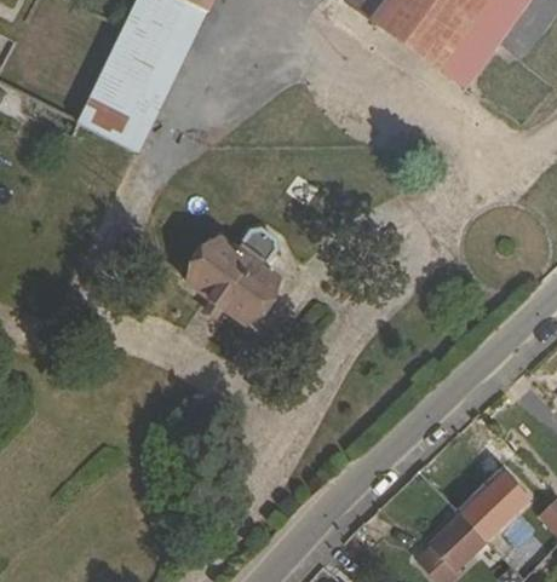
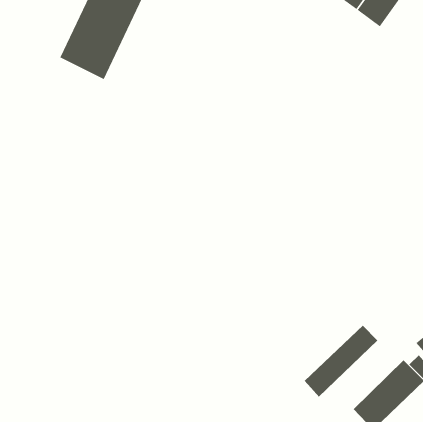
building: [188,226,282,325] -> none
building: none -> [304,325,378,398]

